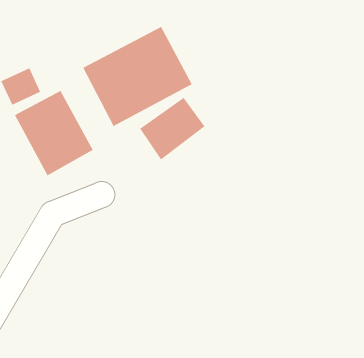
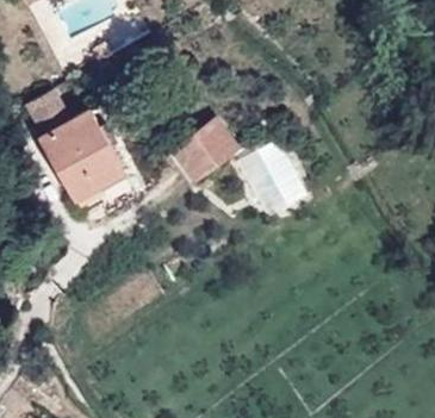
building: [82,26,193,127] -> none

